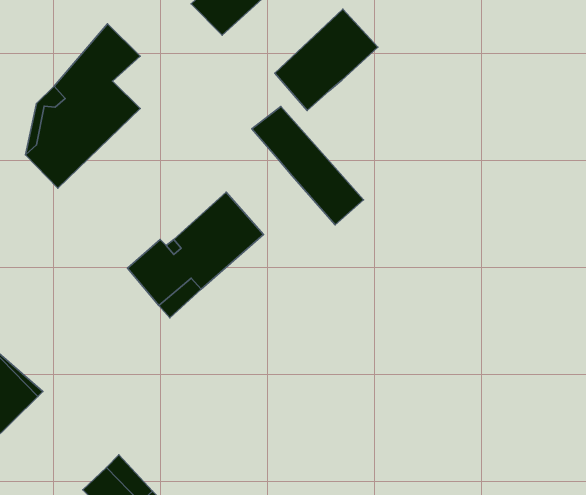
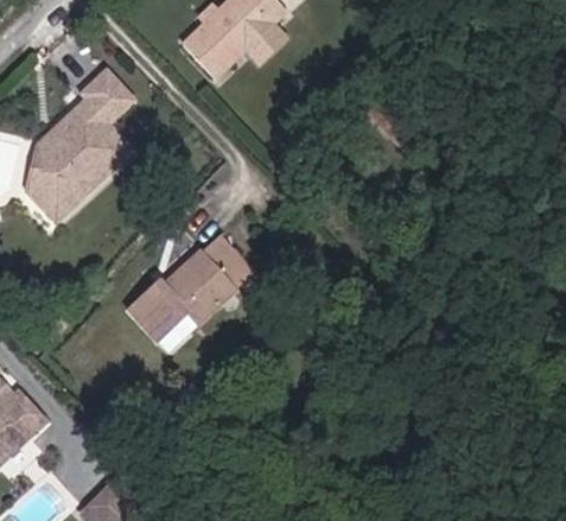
building: [275,9,378,111] -> none
building: [252,107,364,225] -> none

